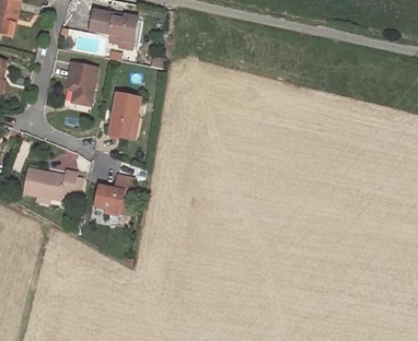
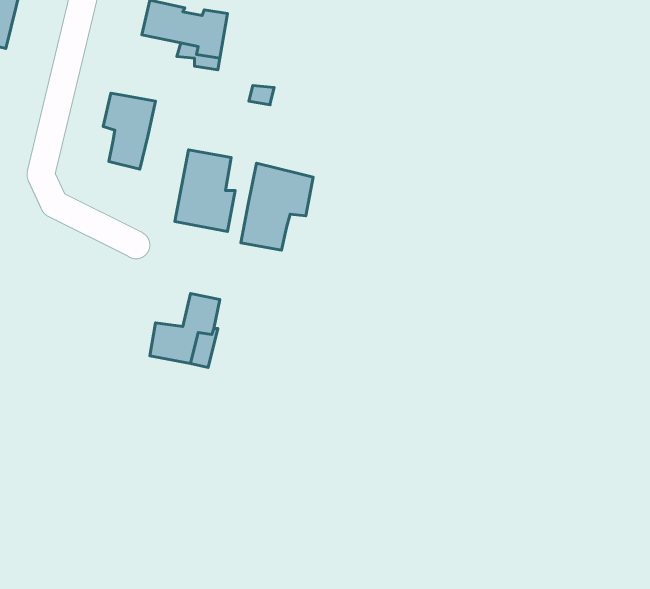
building: none -> [241,163,313,250]
building: [23,166,77,197] -> none

